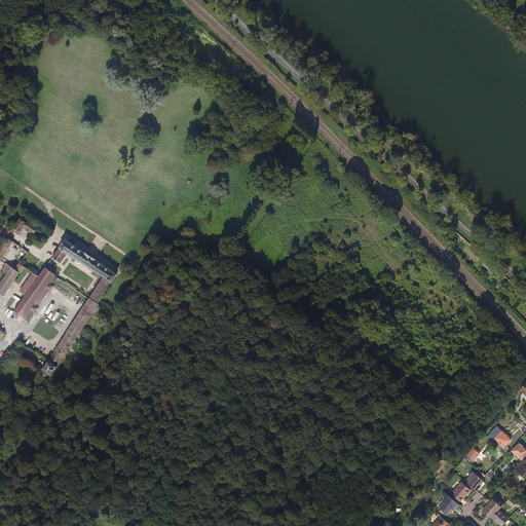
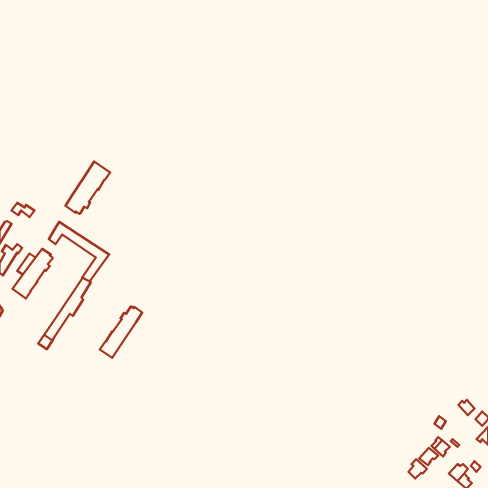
building: none -> [65,162,110,214]
building: none -> [100,306,142,358]

